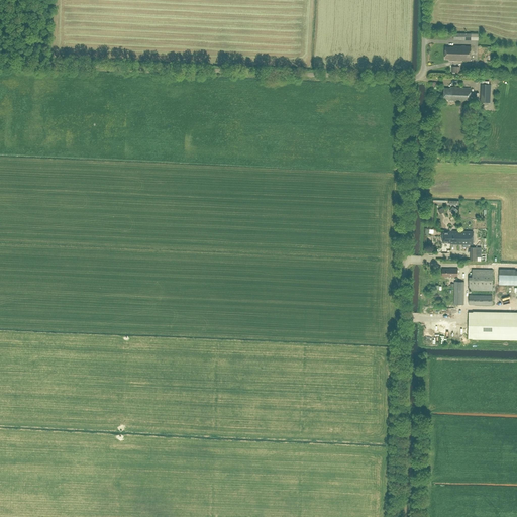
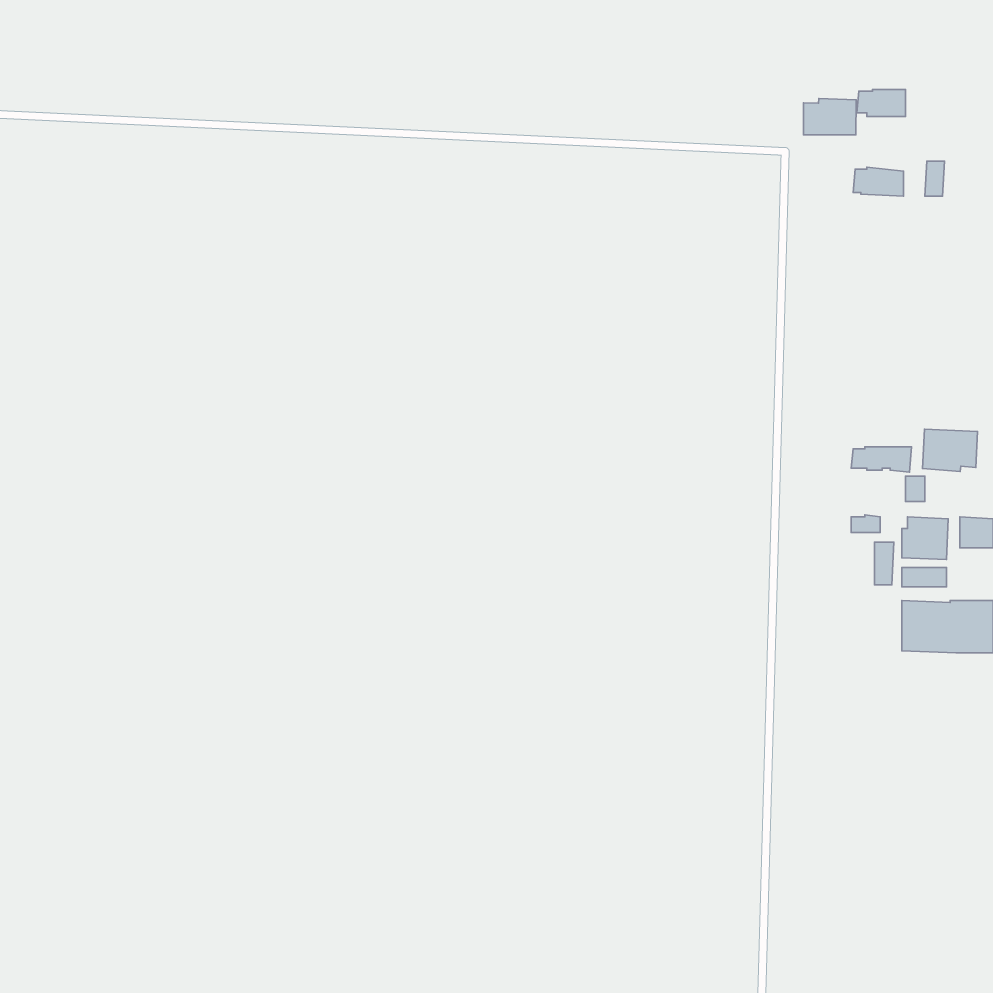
building: none -> [804,99,856,135]
building: none -> [923,429,977,471]

